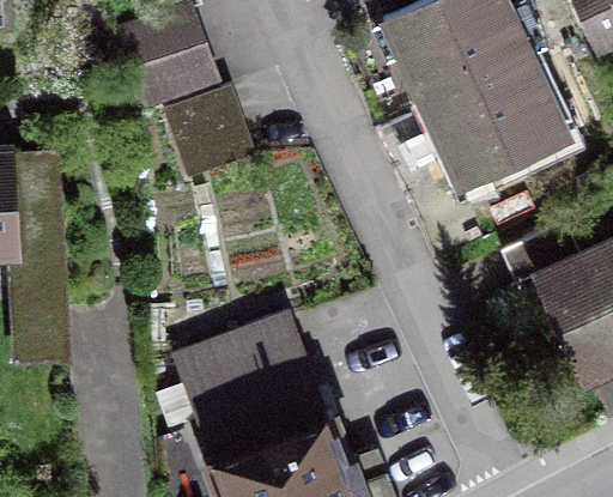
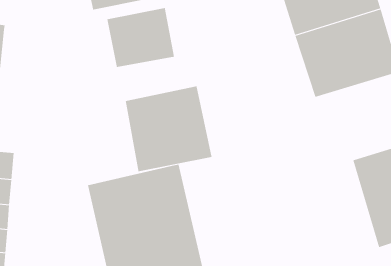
building: none -> [125,85,212,172]

